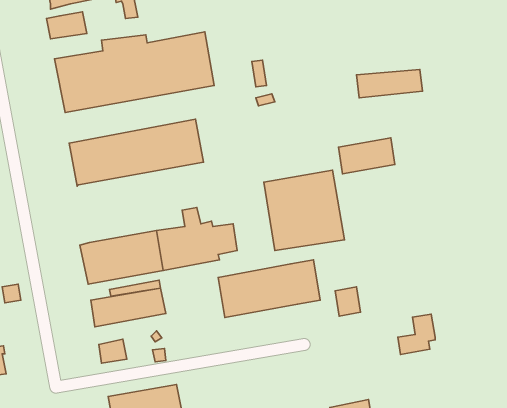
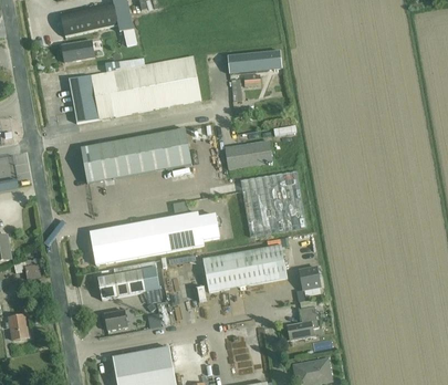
building: [357,70,422,98] -> [227,50,281,73]
building: [338,138,395,174] -> [225,139,271,169]
building: [398,314,435,355] -> [286,305,317,339]

